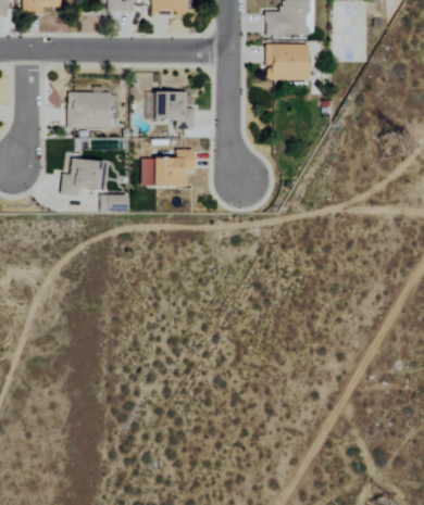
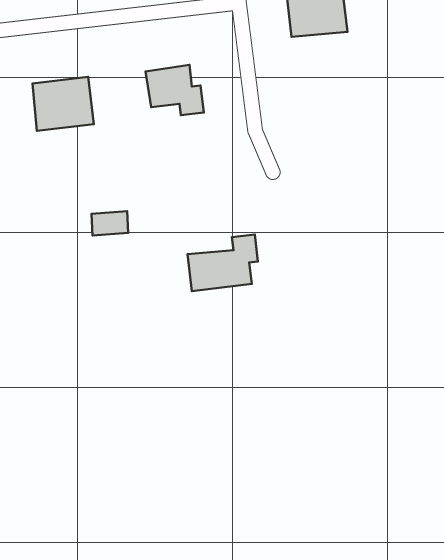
building: [142,149,195,186] -> [188,234,258,291]
building: [61,159,105,195] -> none

